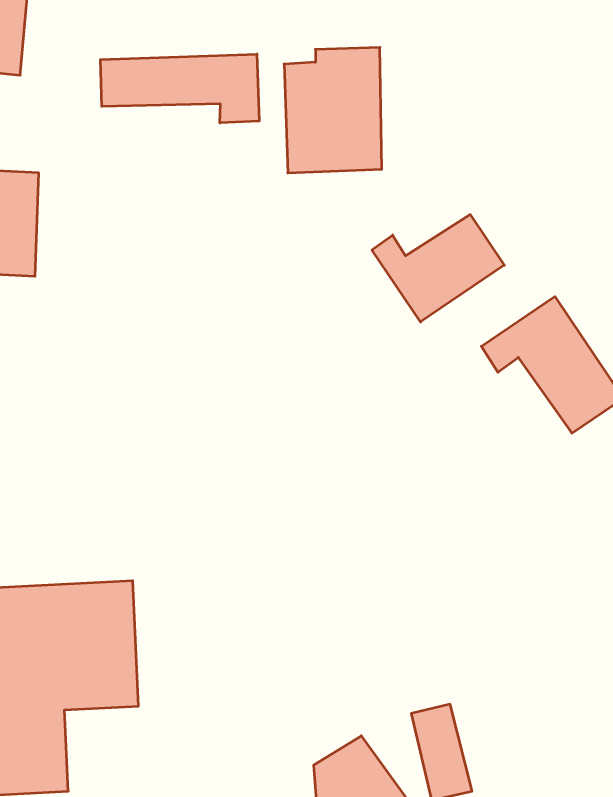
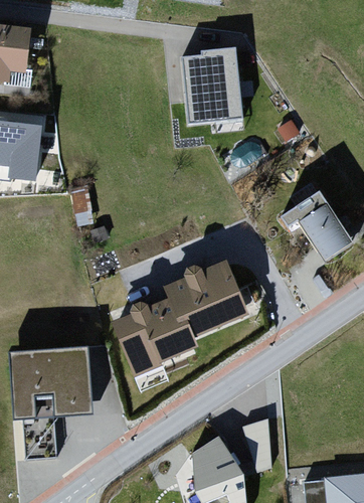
building: [100,54,259,123] -> none
building: [372,215,504,322] -> none
building: none -> [115,256,252,376]

